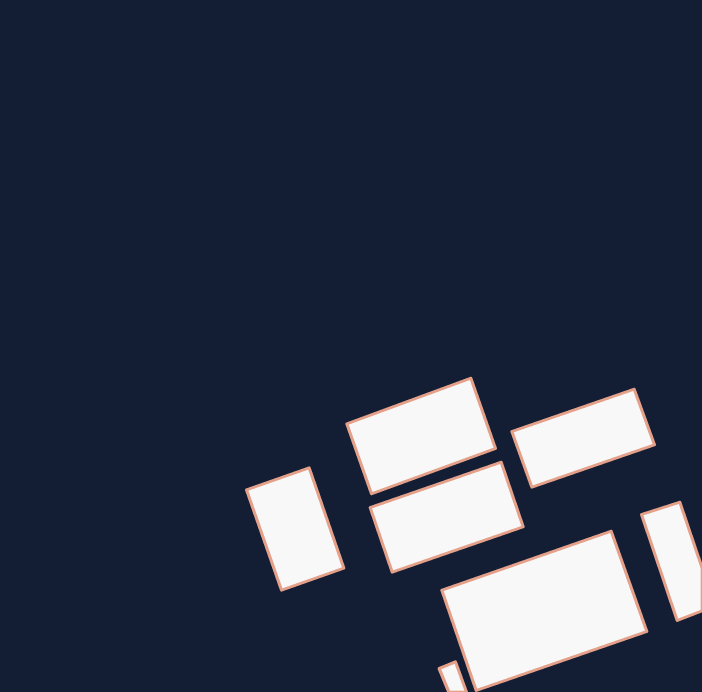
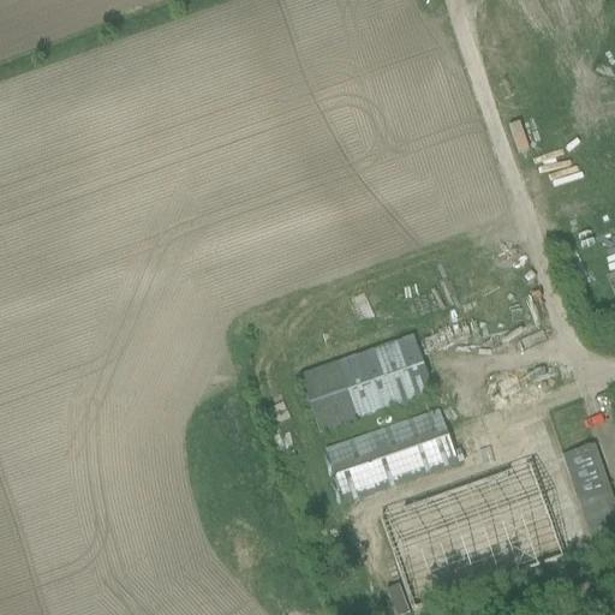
building: [512,389,654,487] -> none
building: [247,468,344,590] -> none

